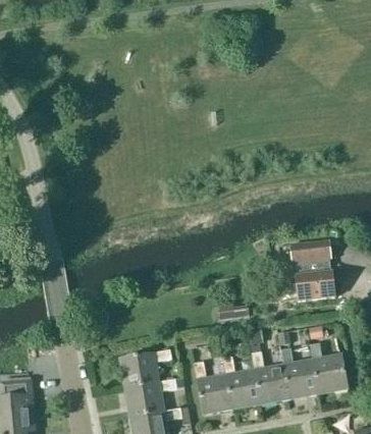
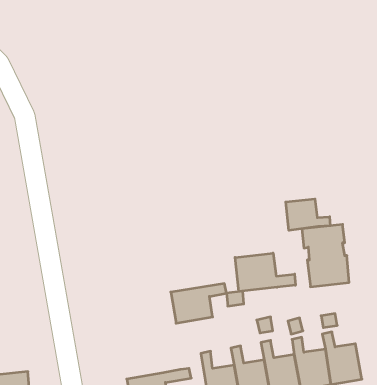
building: none -> [286,199,330,230]
building: none -> [235,253,295,291]
building: [118,349,171,387] -> [171,284,227,323]

